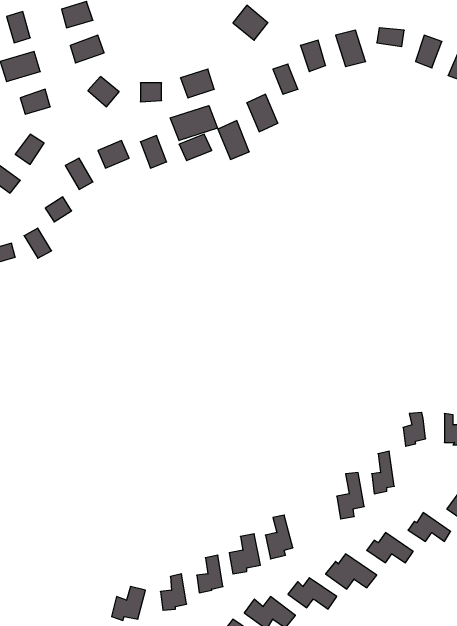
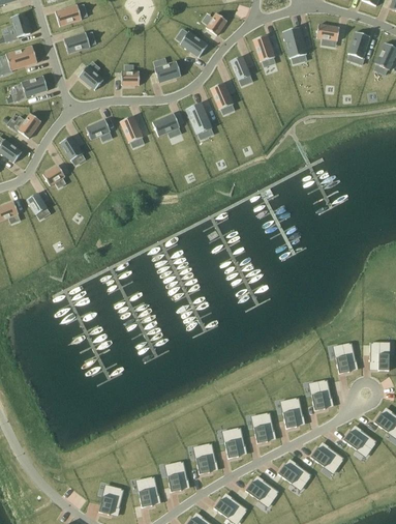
building: none -> [177,27,210,58]
building: [170,106,218,141] -> none
building: none -> [252,412,276,447]

